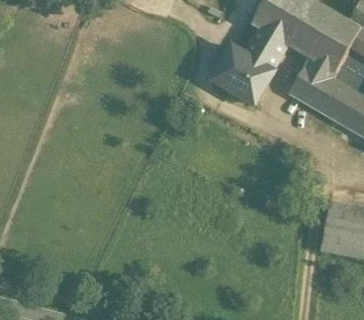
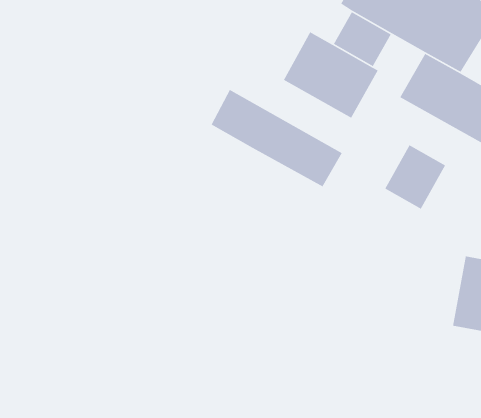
building: none -> [210,89,343,188]
building: none -> [384,144,446,210]

